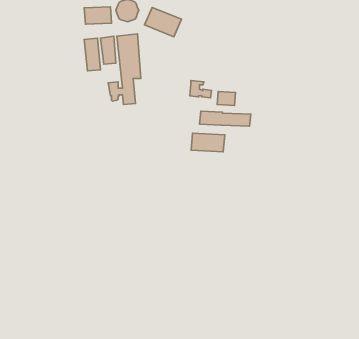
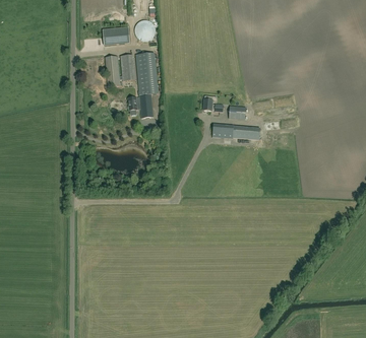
building: [145,7,182,37] -> none
building: [191,133,225,152] -> none

